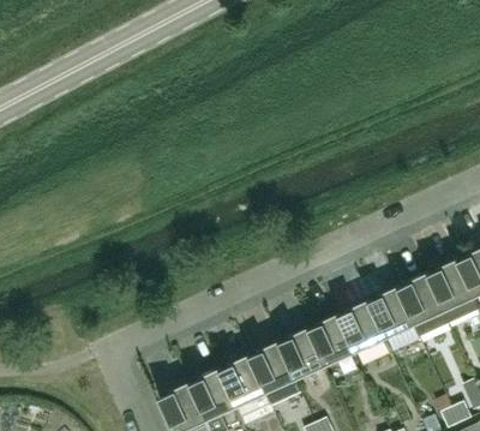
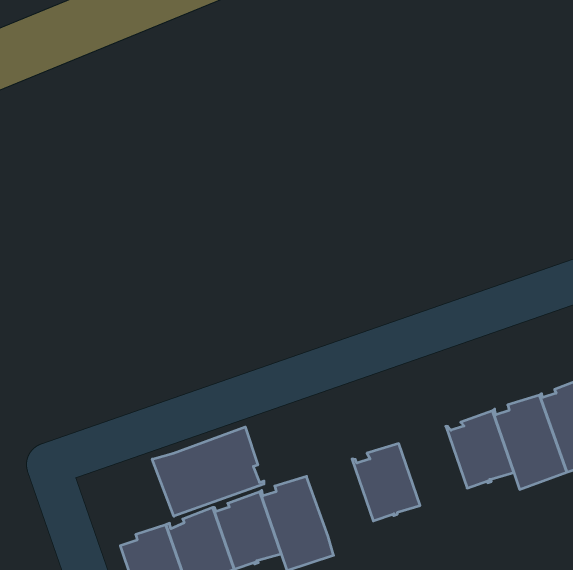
building: [337,299,385,353] -> none
building: none -> [152,427,264,516]
building: [278,327,325,379] -> none

